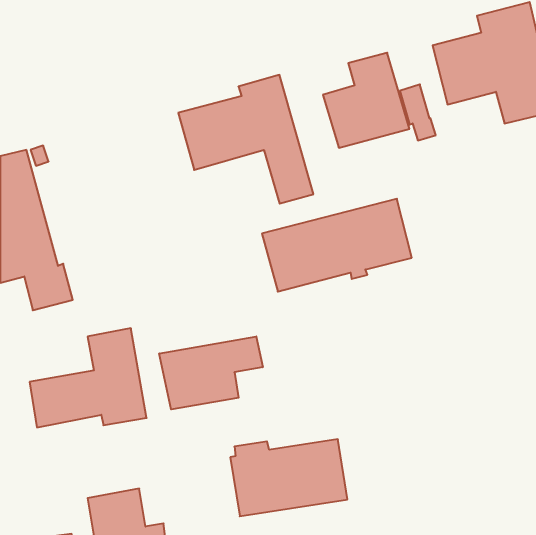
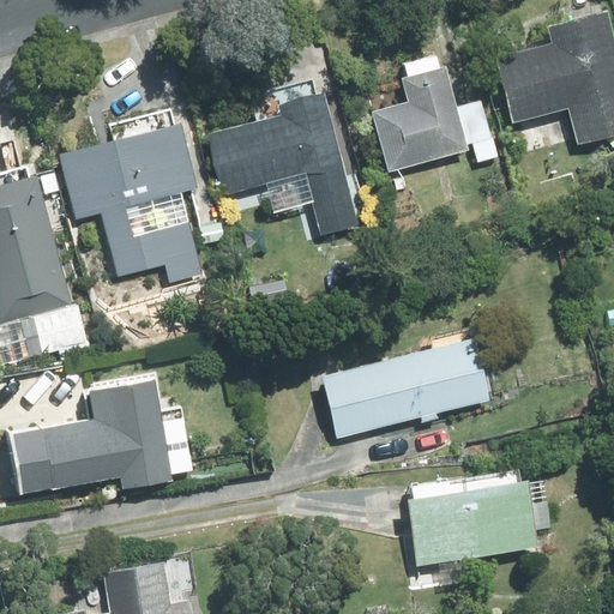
building: none -> [59,121,198,281]
building: [262,199,412,292] -> [319,333,489,439]
building: [159,336,263,409] -> none
building: [230,439,347,516] -> [405,478,538,566]

